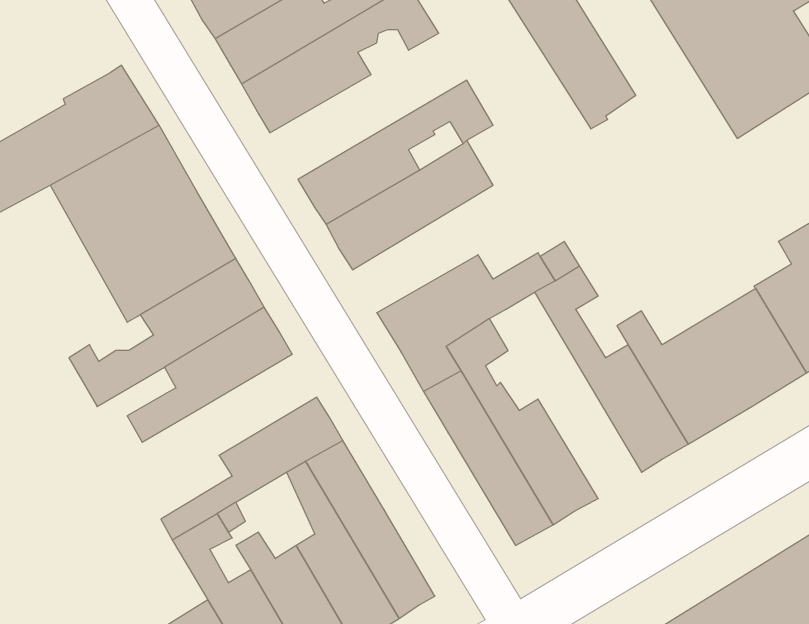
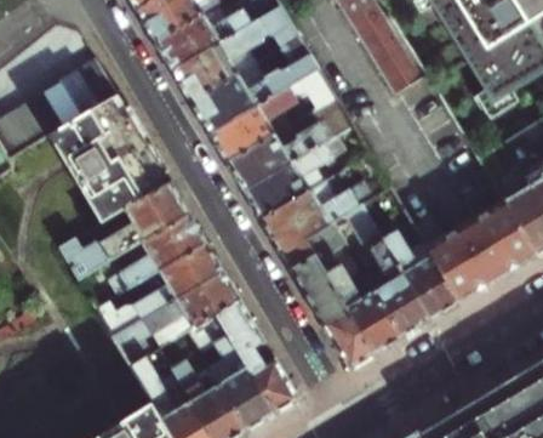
building: none -> [190,35,318,130]
building: none -> [244,133,347,216]
building: none -> [343,203,430,336]
building: none -> [96,243,221,335]

